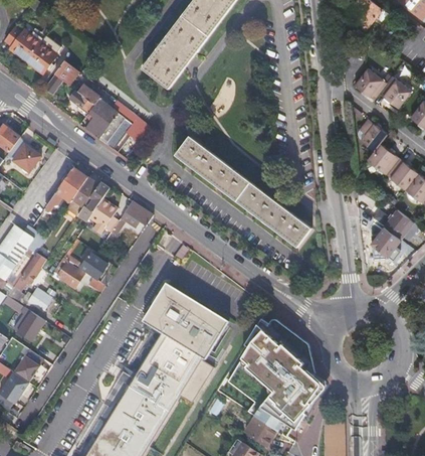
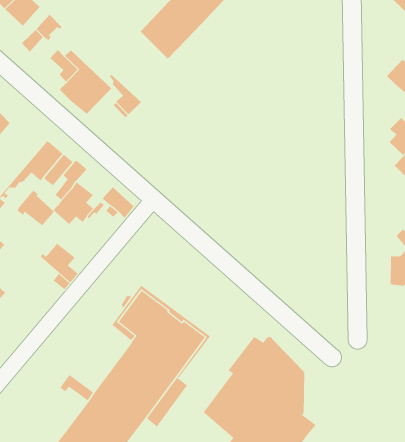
building: [175,136,310,248] -> none
building: [51,257,83,287] -> [17,189,55,226]

